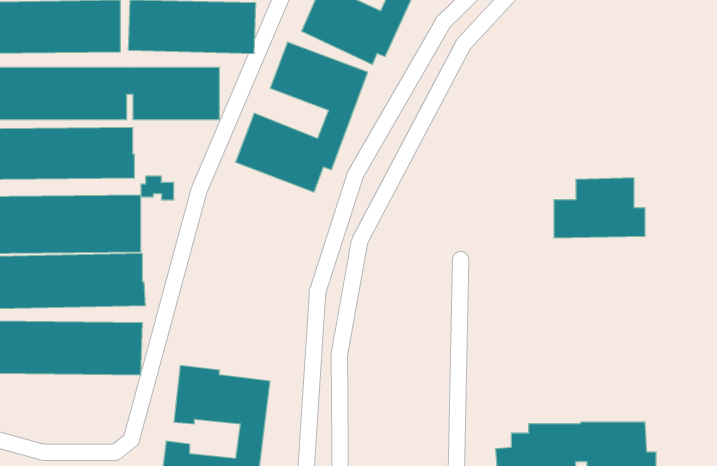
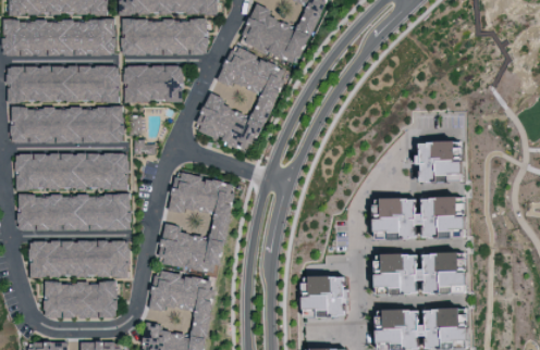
building: none -> [158,172,236,273]
building: none -> [369,198,482,240]
building: none -> [373,253,484,296]
building: none -> [309,276,341,317]
building: none -> [44,282,116,318]

